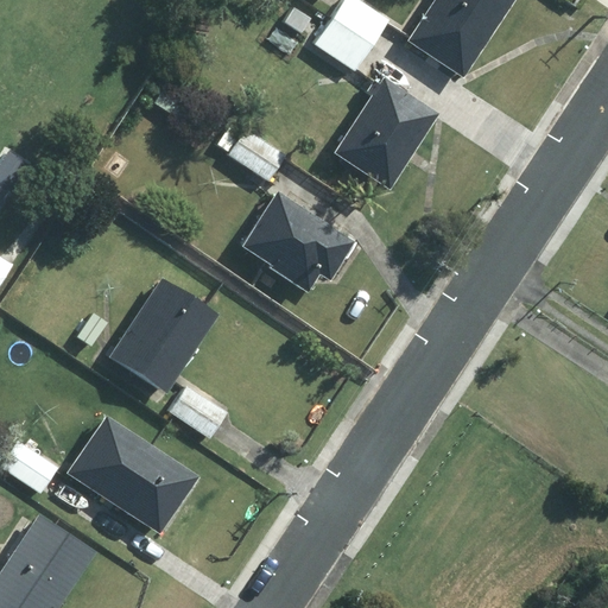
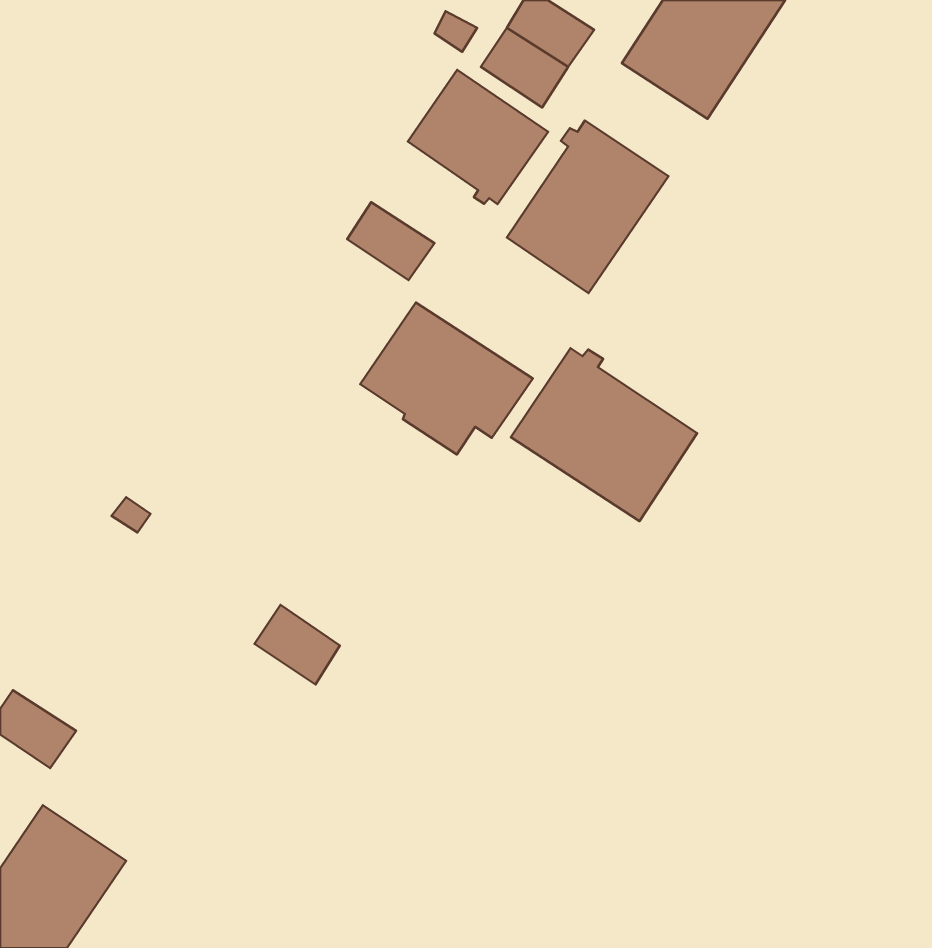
building: none -> [408,70,548,204]
building: none -> [511,348,697,521]
building: [113,279,215,391] -> none
building: [69,418,194,532] -> none

